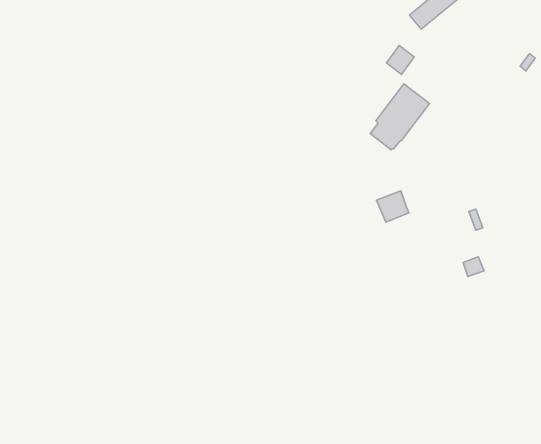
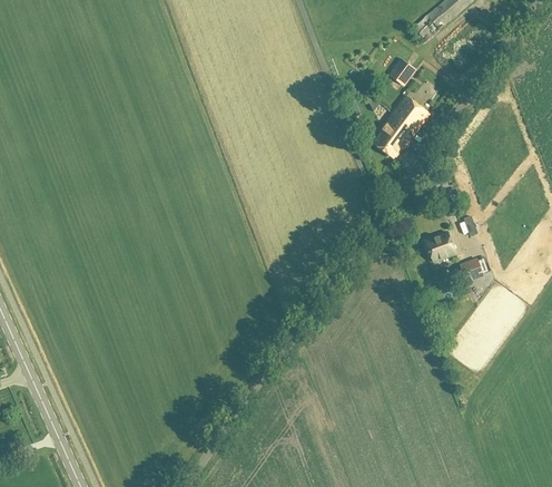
building: [376,191,409,222] -> [424,230,455,260]

